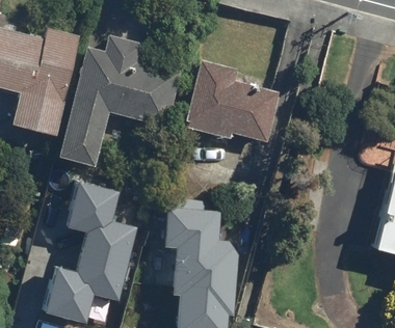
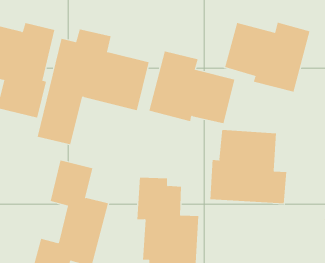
building: none -> [224,22,310,93]
building: none -> [210,129,287,204]

